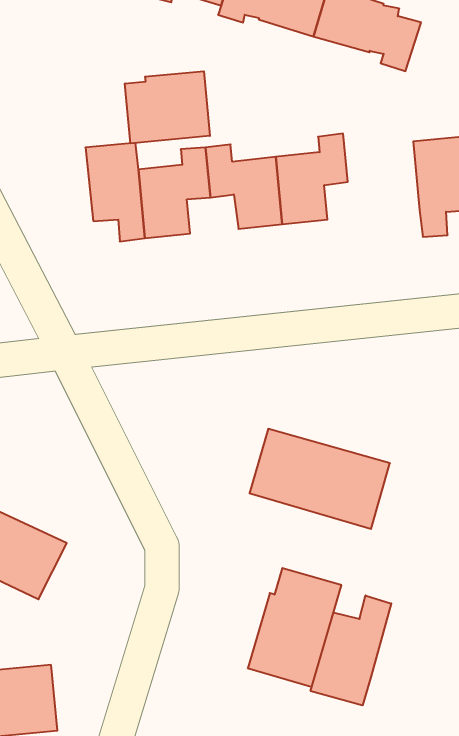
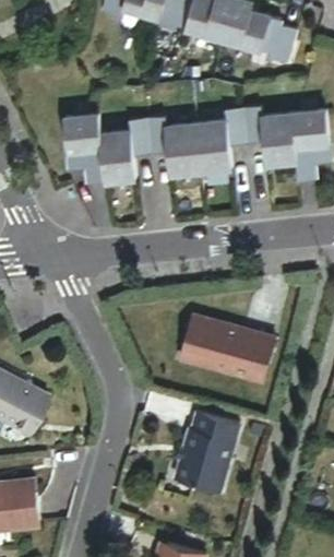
building: [125,71,210,143] -> none
building: none -> [242,107,296,165]
building: [311,595,391,705] -> none

